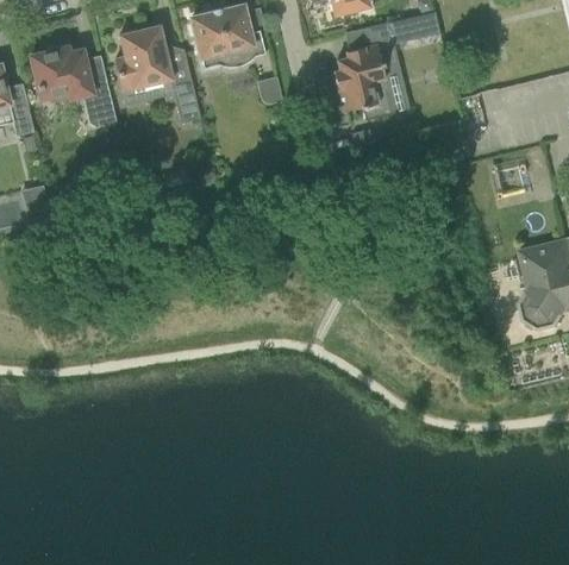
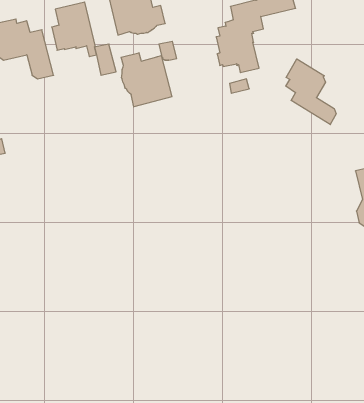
building: none -> [121,53,172,107]
building: none -> [286,59,336,125]

